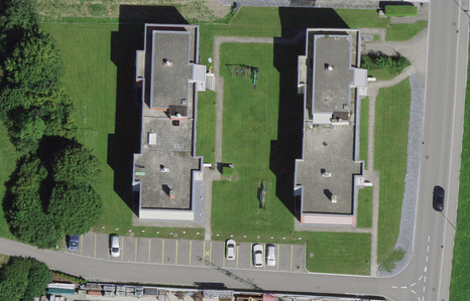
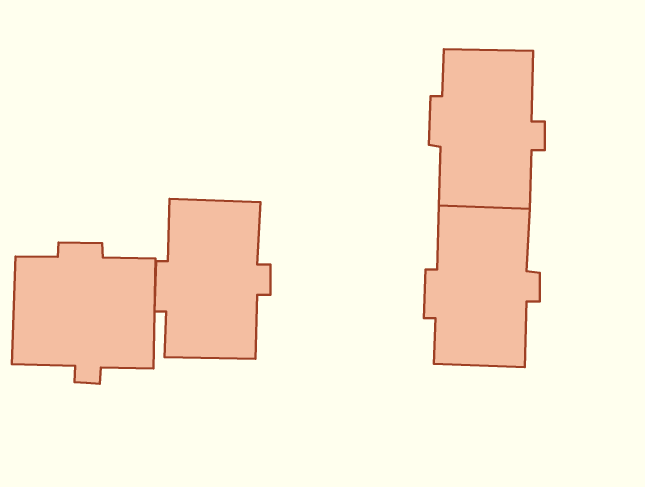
building: [135,29,205,126] -> none
building: none -> [12,243,156,384]

